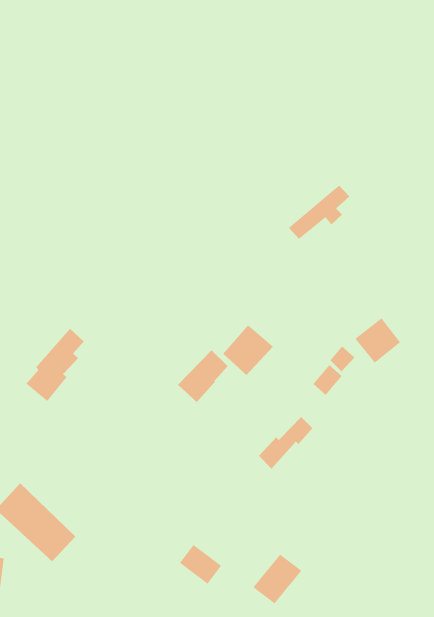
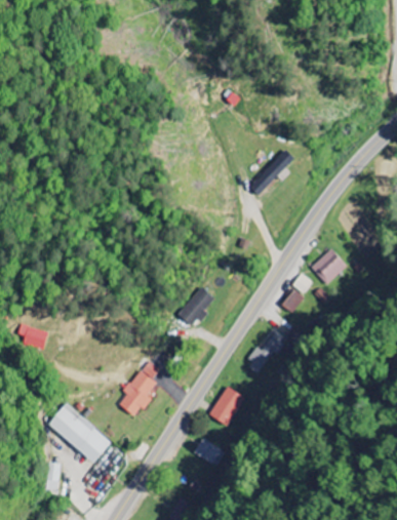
building: [223,325,274,376] -> none
building: [25,328,84,402] -> [118,359,160,417]
building: [252,554,302,604] -> [207,387,244,426]

